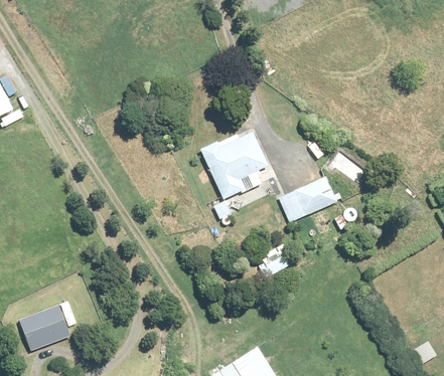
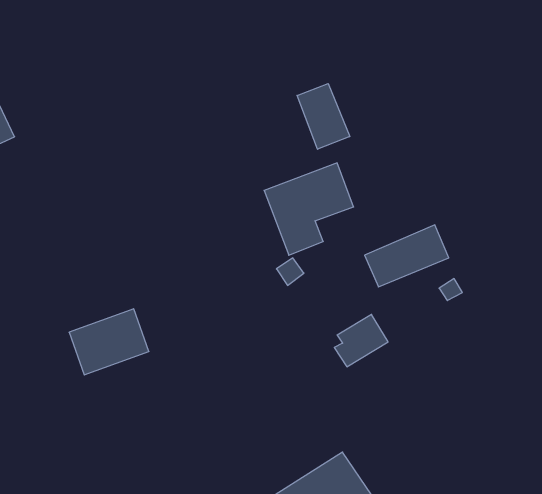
building: none -> [297,84,350,149]
building: [19,303,78,351] -> [69,309,149,375]

